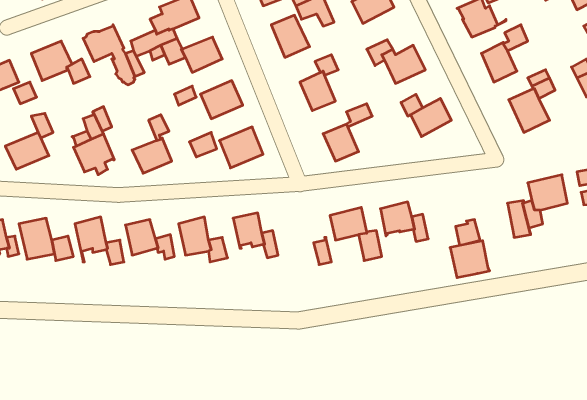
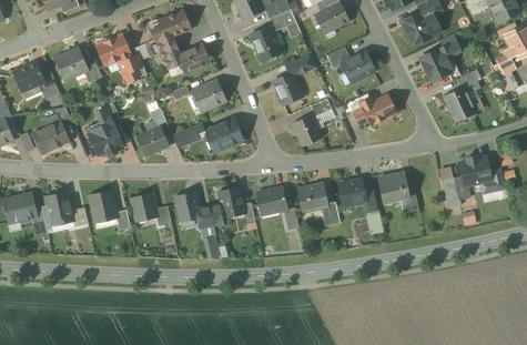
building: none -> [256,187,287,214]
building: [450,241,490,278] -> [377,172,409,202]

